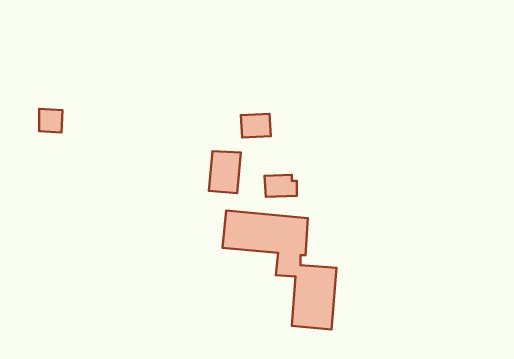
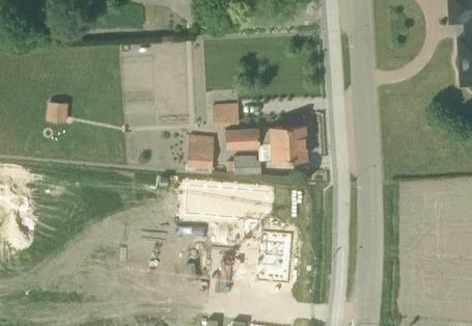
building: none -> [224,126,306,161]

